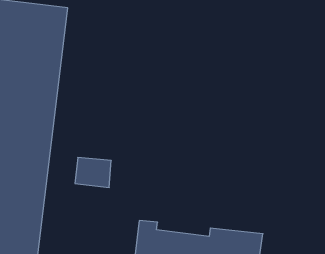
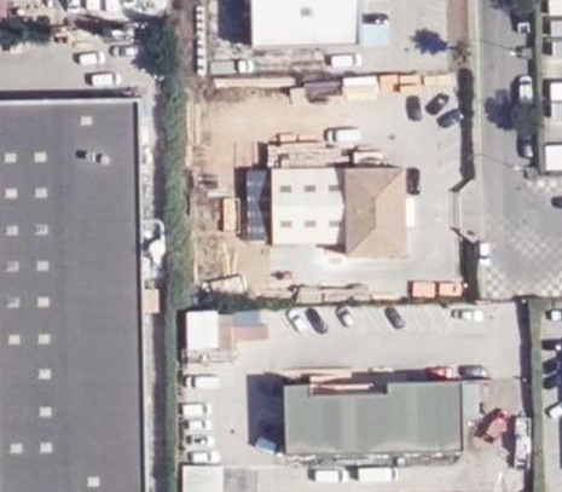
building: none -> [271,168,405,256]

